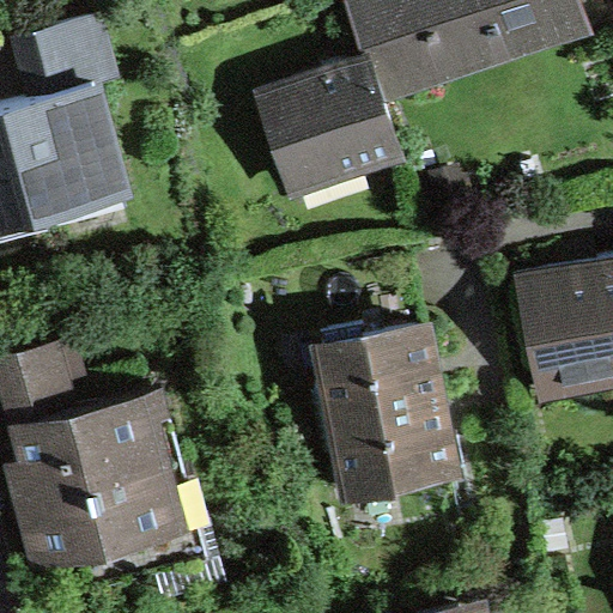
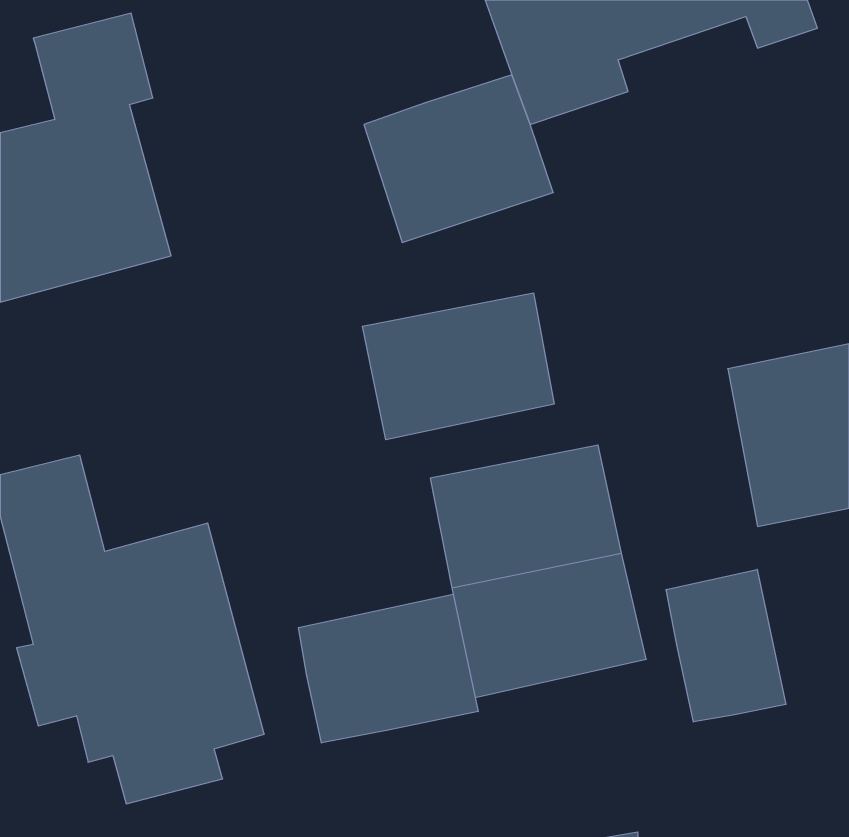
building: none -> [362,293,554,440]
building: none -> [666,569,786,722]
building: none -> [298,594,478,743]

